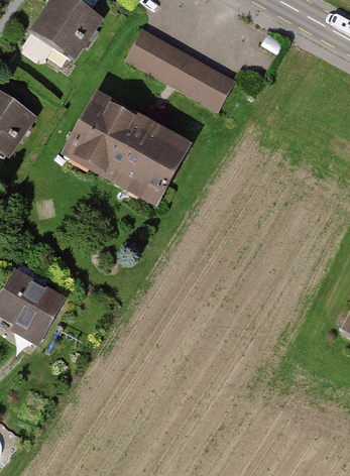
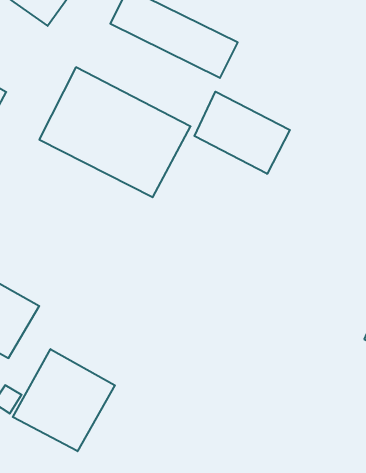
building: none -> [194,92,290,174]
building: none -> [13,349,115,451]

